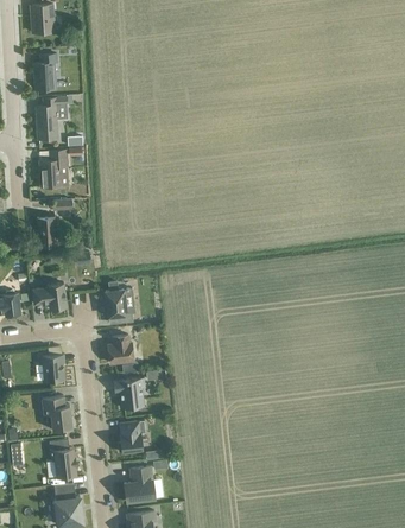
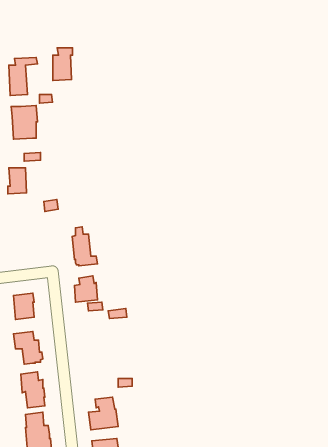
building: [36,55,57,90] -> [53,48,73,80]
building: [32,282,67,310] -> none
building: [113,377,145,408] -> none
building: [119,420,145,453] -> none

